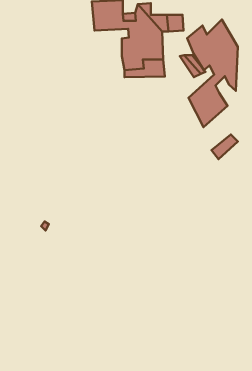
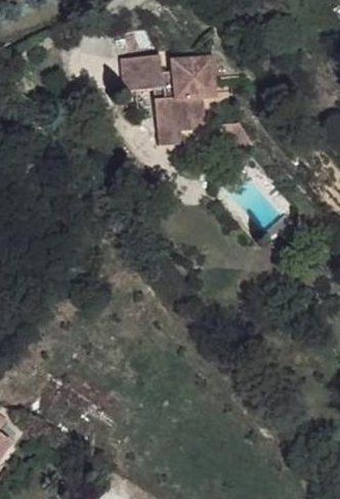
building: [187,19,238,127] -> none

